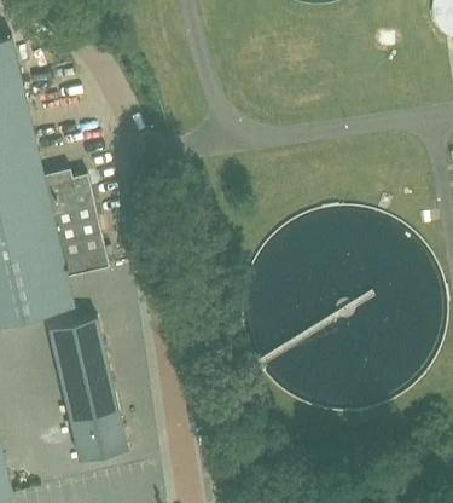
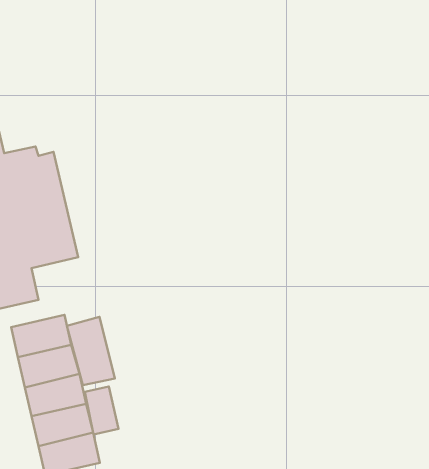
building: none -> [67,317,115,385]
building: none -> [85,386,118,435]

